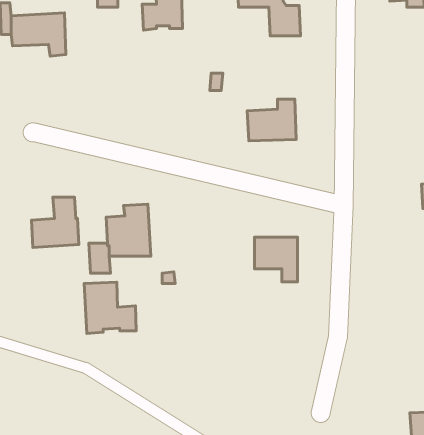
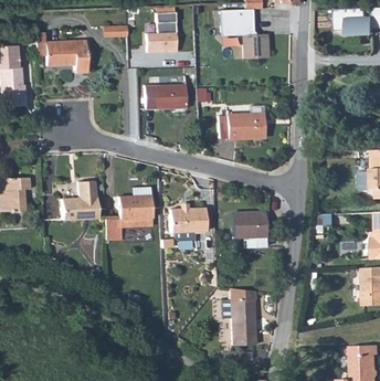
building: none -> [142,84,184,109]
building: none -> [168,208,204,232]
building: [84,282,136,333] -> none
building: none -> [221,288,254,345]

